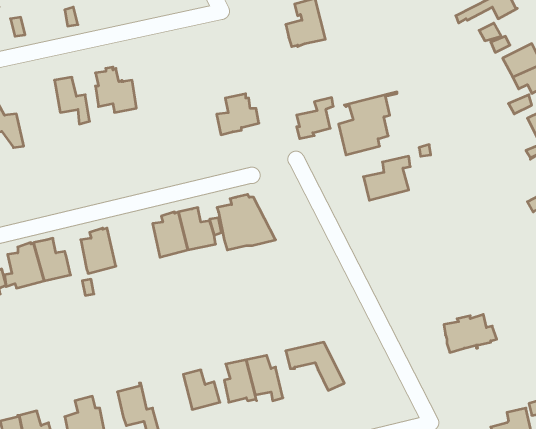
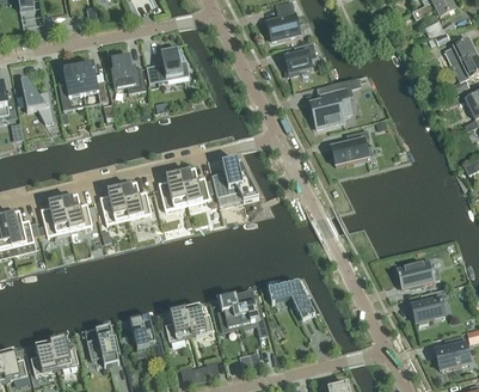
building: none -> [60,67,84,109]
building: [217,94,259,135] -> [154,48,189,81]
building: [297,98,333,139] -> [284,42,314,75]
building: none -> [122,184,152,219]
building: none -> [411,290,444,324]
building: none -> [165,307,191,341]

